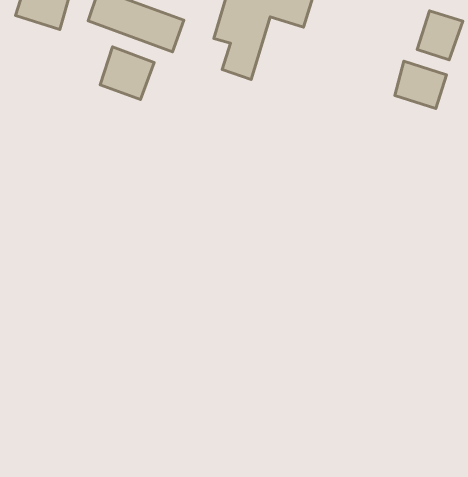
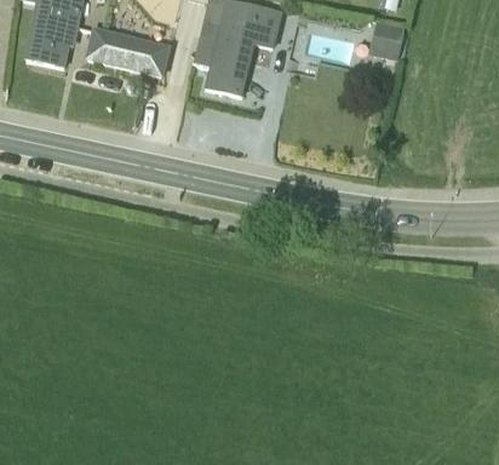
building: [100,47,154,100] -> none
building: [395,61,447,108] -> none

